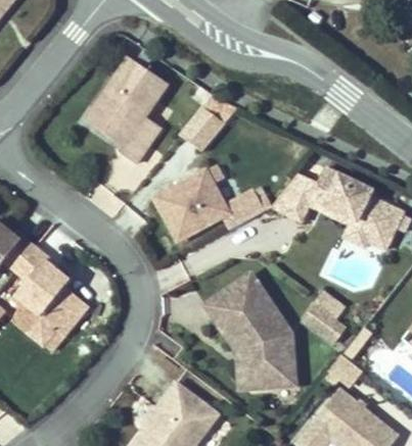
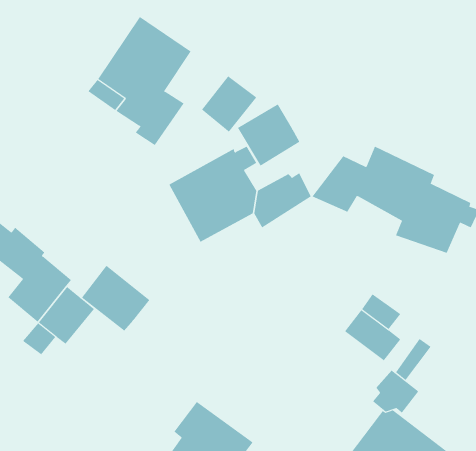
building: none -> [237,104,300,166]
building: none -> [81,265,150,331]
building: [202,271,299,393] -> none

